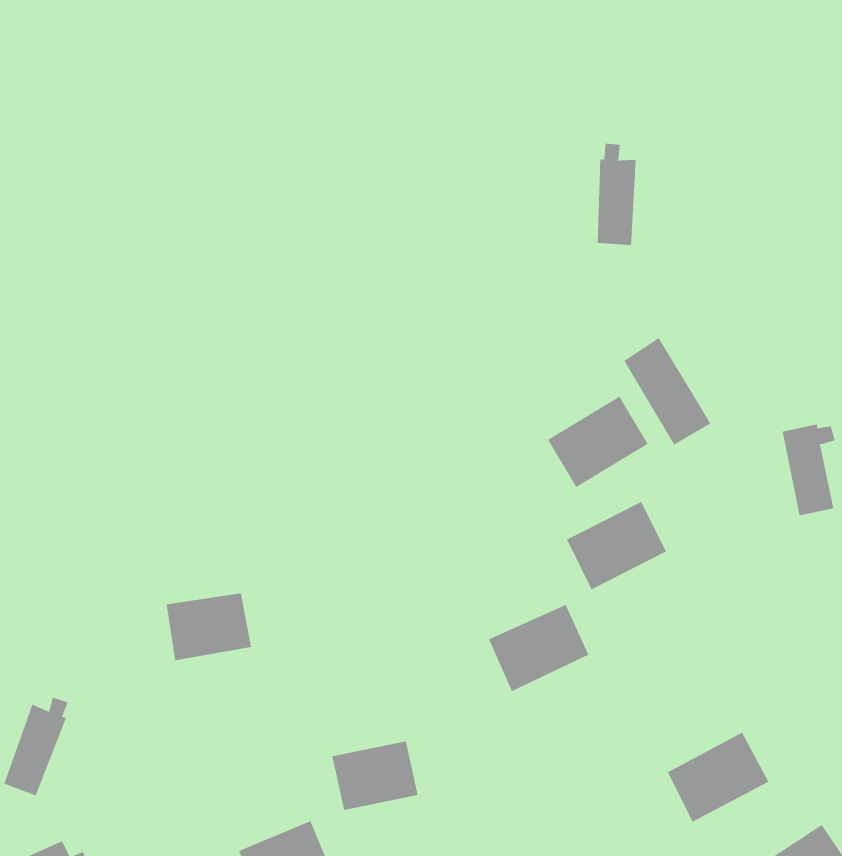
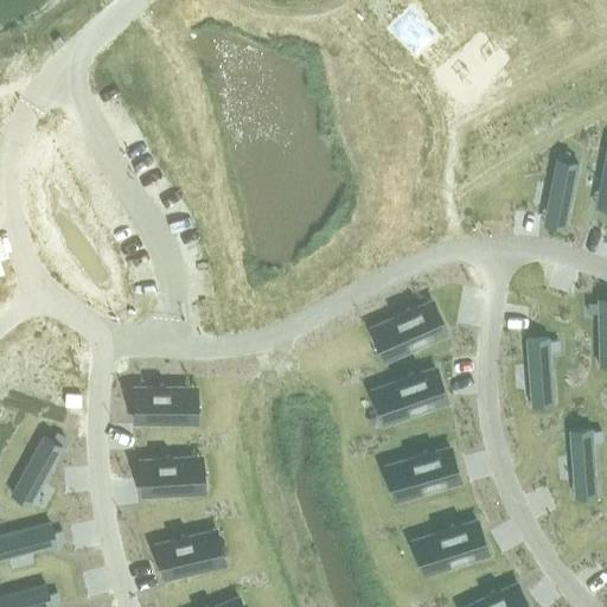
building: [597,143,636,246] -> [544,152,576,217]
building: [623,337,711,446] -> none
building: [488,604,589,692] -> [397,448,458,497]
building: [331,741,419,810] -> [139,459,189,496]

